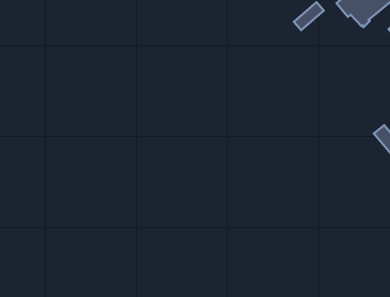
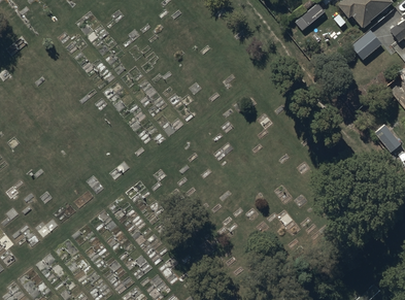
building: none -> [352,30,382,60]

